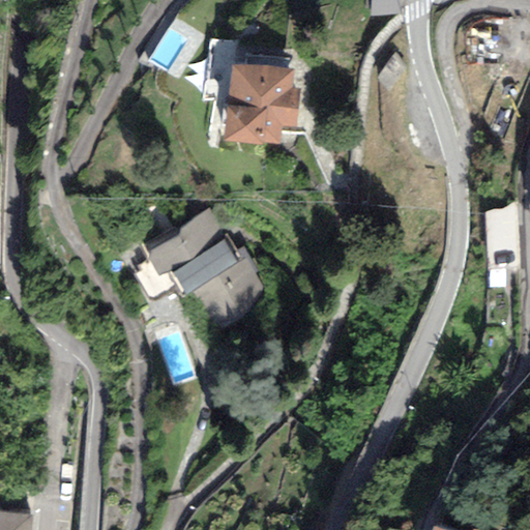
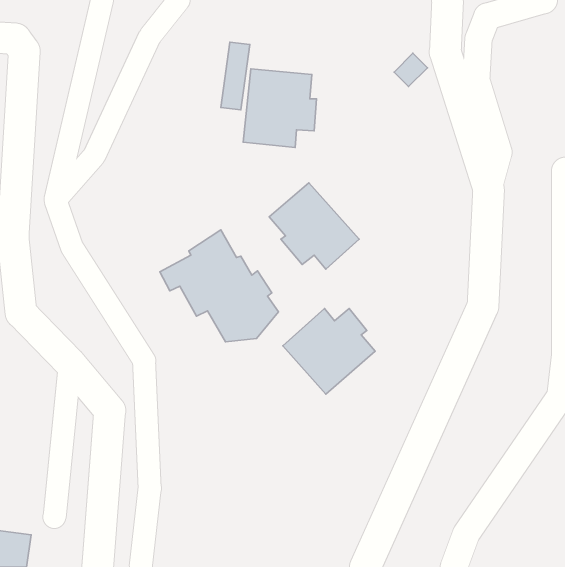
building: none -> [269,183,359,269]
building: none -> [283,309,375,394]

